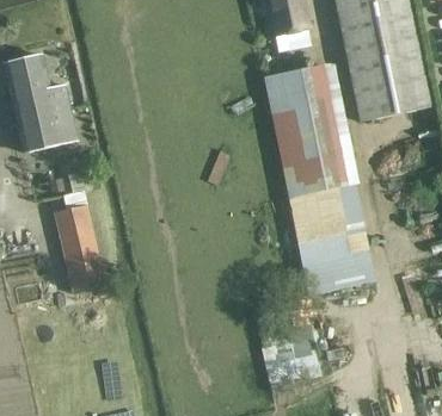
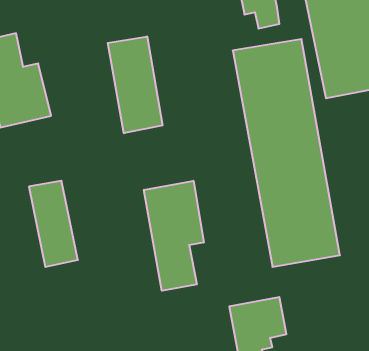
building: none -> [108,36,163,133]
building: none -> [144,181,204,291]

